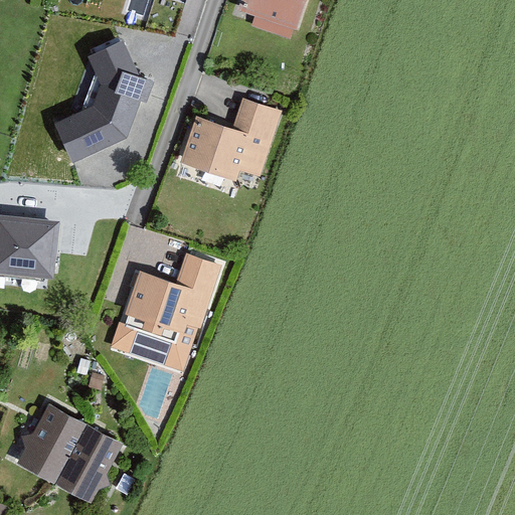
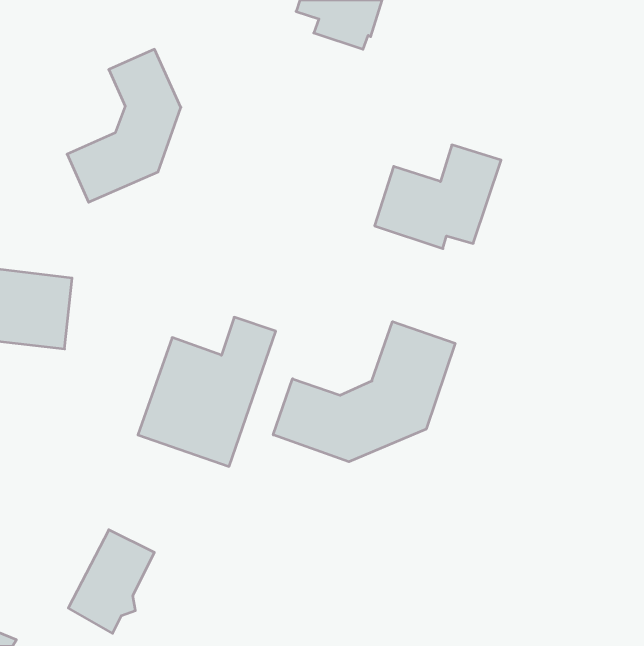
building: [180,98,281,180] -> [375,145,501,249]
building: none -> [273,322,455,462]
building: [14,401,87,484] -> none

